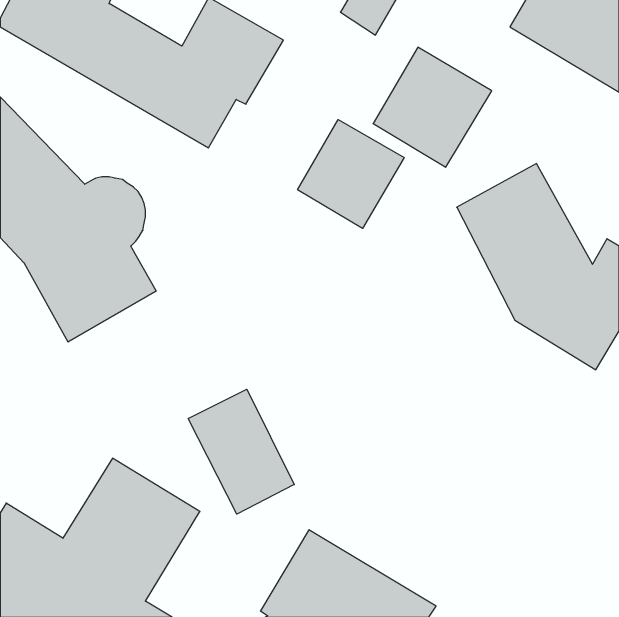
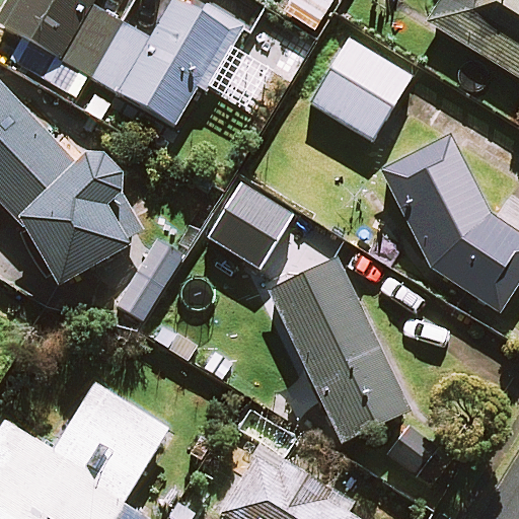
building: [298,120,404,228] -> none
building: none -> [219,200,409,440]
building: [188,389,294,514] -> none

